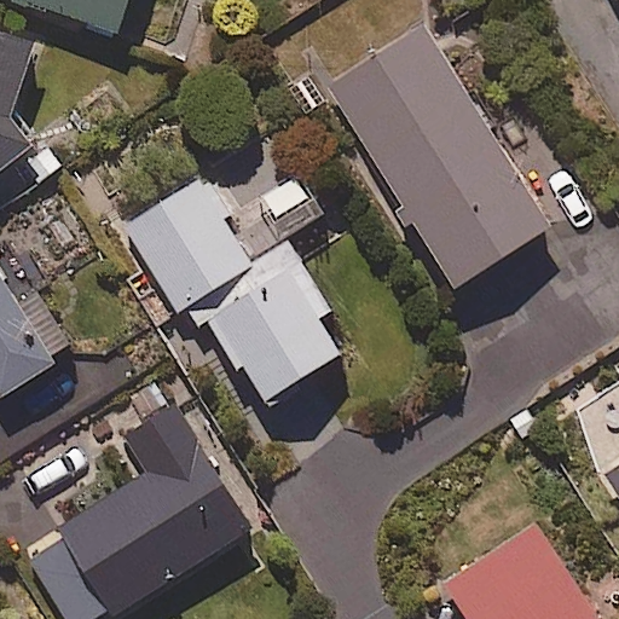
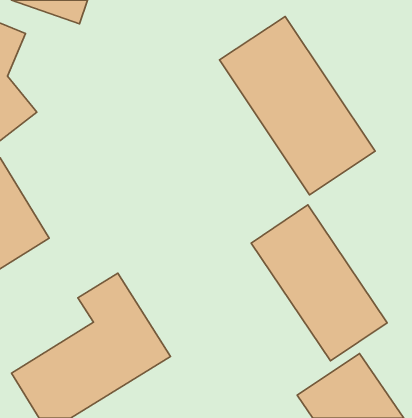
building: [118,172,340,406] -> none
building: none -> [251,205,387,361]

